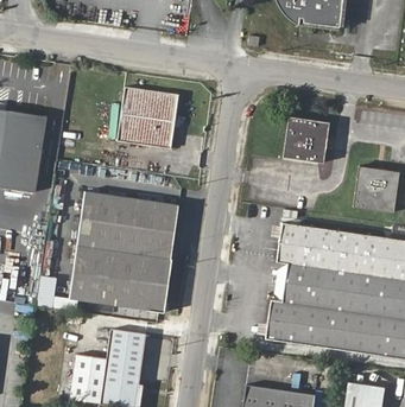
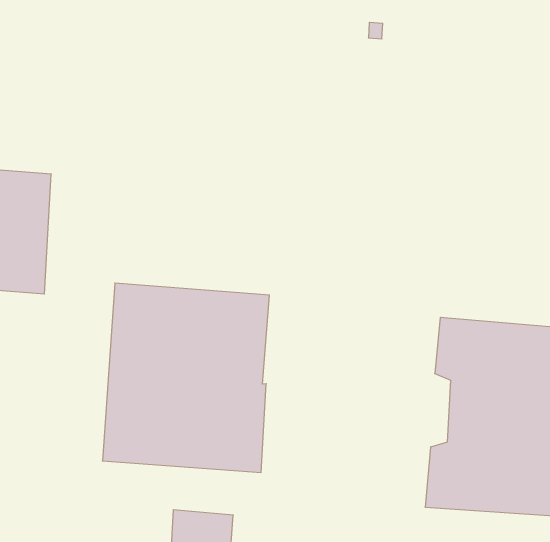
building: [120,87,178,147] -> none
building: [280,117,328,164] -> none

